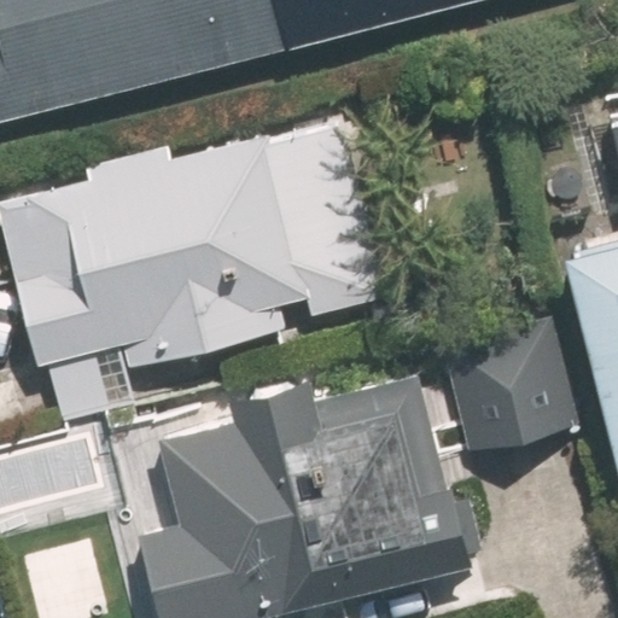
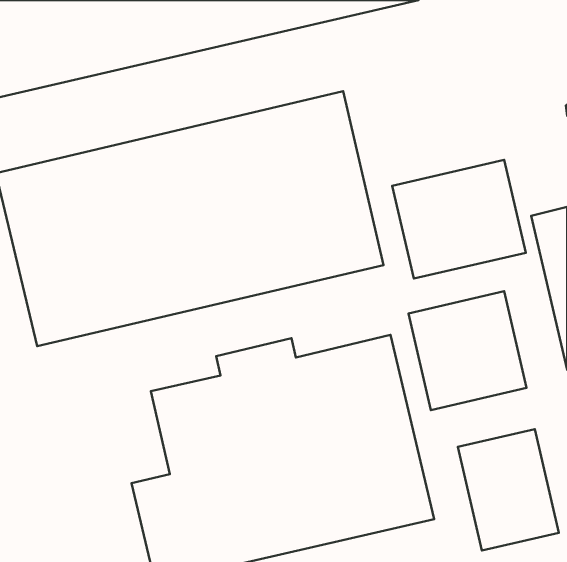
building: none -> [392,160,526,279]
building: none -> [458,429,559,550]

